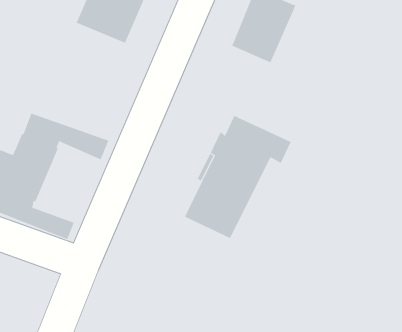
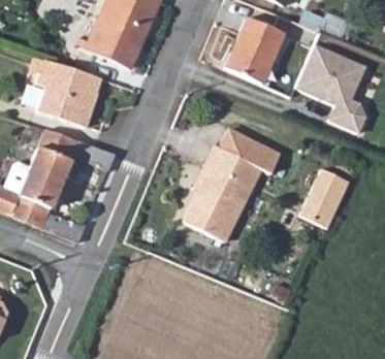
building: none -> [294,43,363,133]
building: none -> [37,58,101,126]
building: none -> [301,168,351,228]

